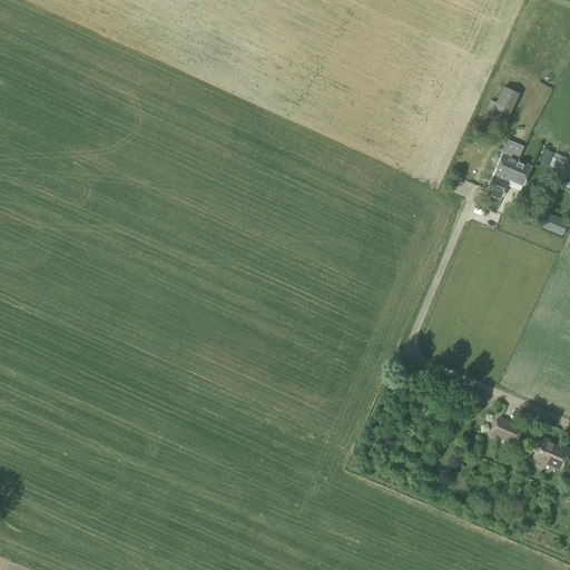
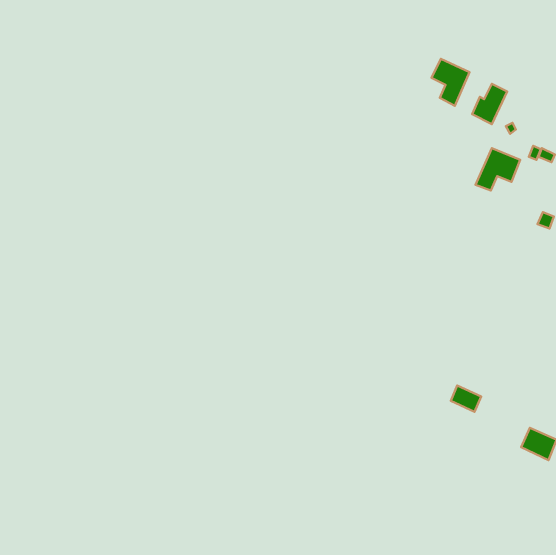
building: none -> [432,59,470,106]
building: [491,416,522,443] -> [451,386,481,412]

